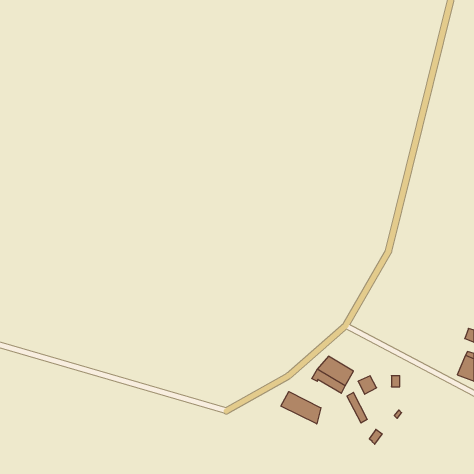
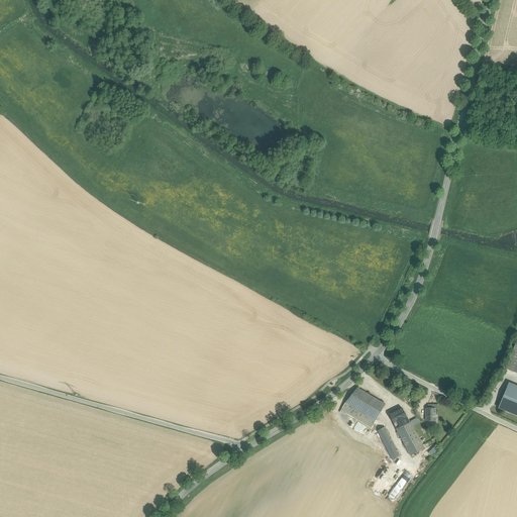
building: none -> [397,422,425,455]
building: [281,392,321,424] -> none

